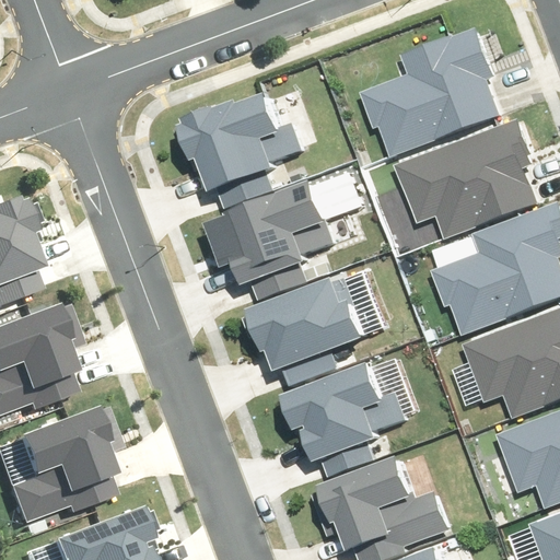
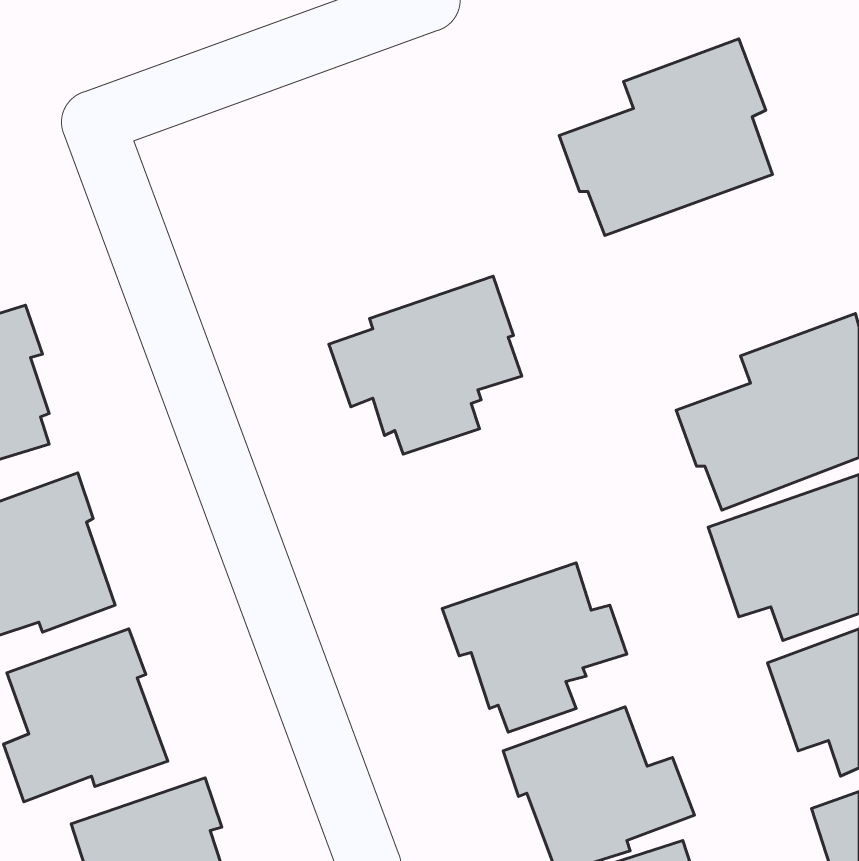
building: [184,90,306,207] -> none
building: [390,119,532,236] -> none
building: [252,277,371,382] -> none

